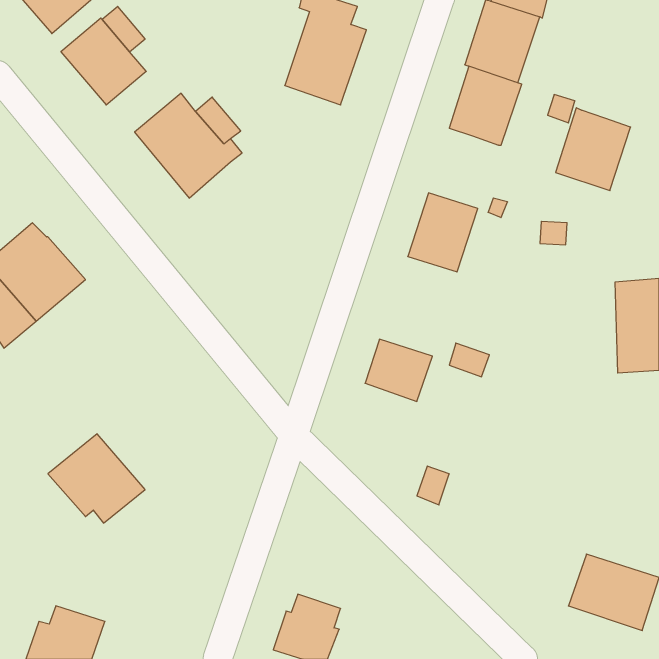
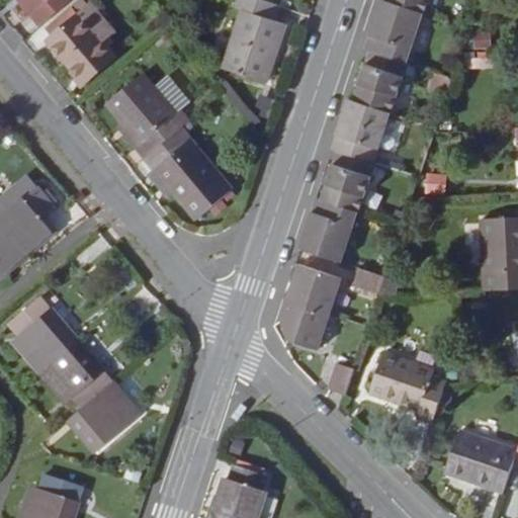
building: [556,108,631,191] -> [331,98,390,163]
building: none -> [144,126,232,220]
building: none -> [297,198,357,263]
building: none -> [9,297,76,370]
building: none -> [278,299,326,350]
building: none -> [368,353,444,423]
building: none -> [68,382,139,450]

